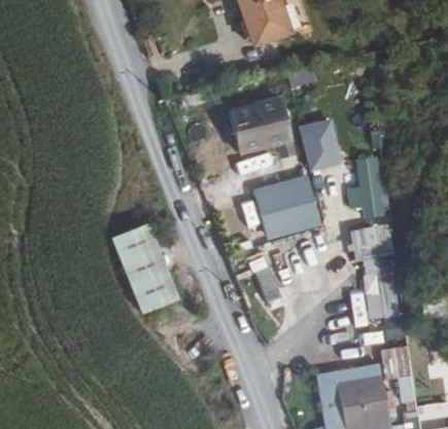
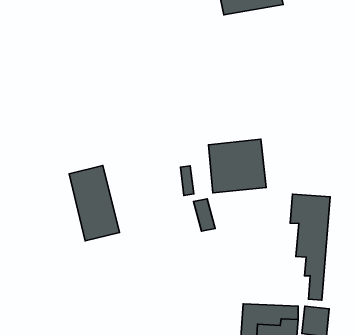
building: [234,98,296,172] -> none
building: [302,119,341,171] -> none
building: [348,157,383,215] -> none

